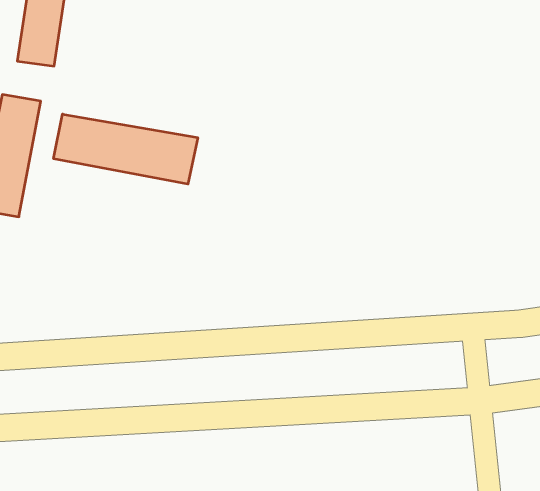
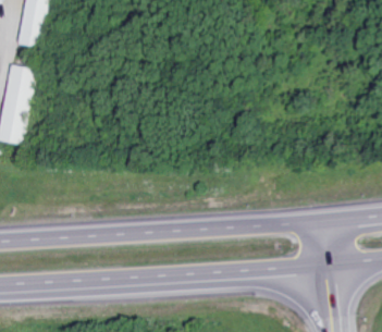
building: [54,114,198,184] -> none

